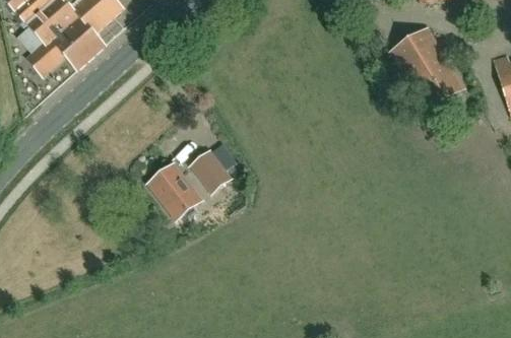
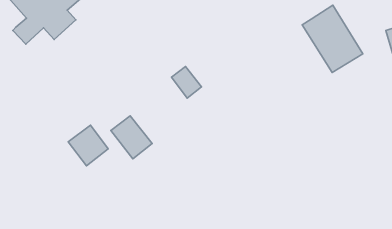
building: [192,152,230,192] -> [172,67,202,98]
building: none -> [68,125,108,166]

